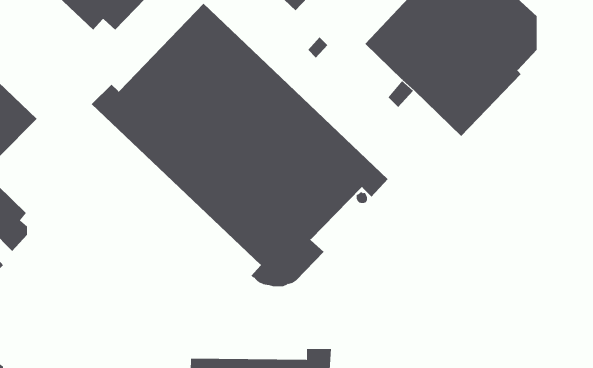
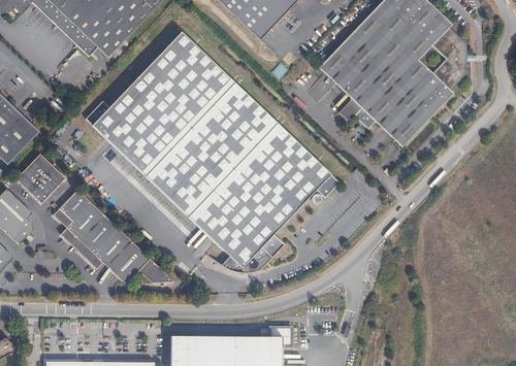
building: none -> [15,154,65,200]
building: none -> [53,189,172,284]

